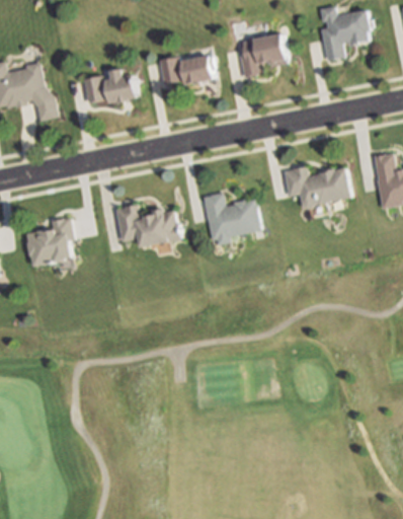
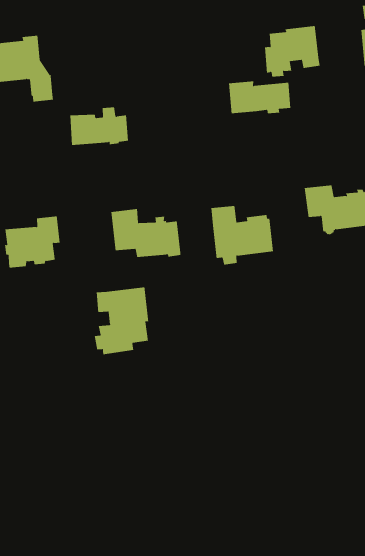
building: [158,54,215,86] -> [228,81,291,114]
building: [83,67,137,104] -> [70,107,129,146]
building: none -> [94,287,149,355]

